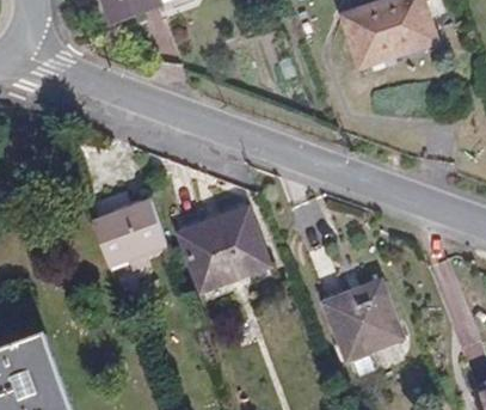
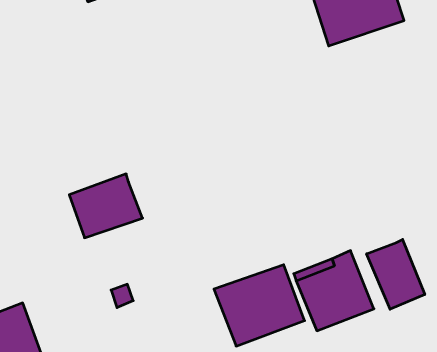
building: [176,208,269,292] -> [214,265,305,346]
building: none -> [367,239,425,309]

